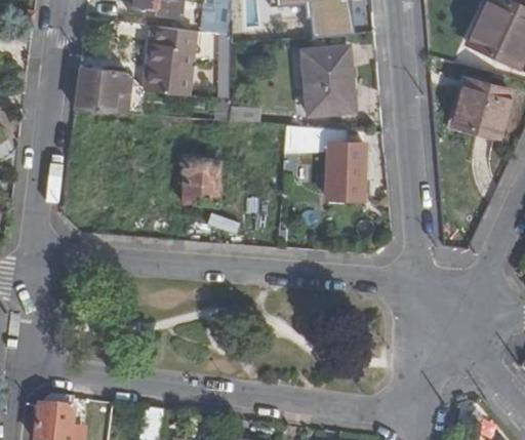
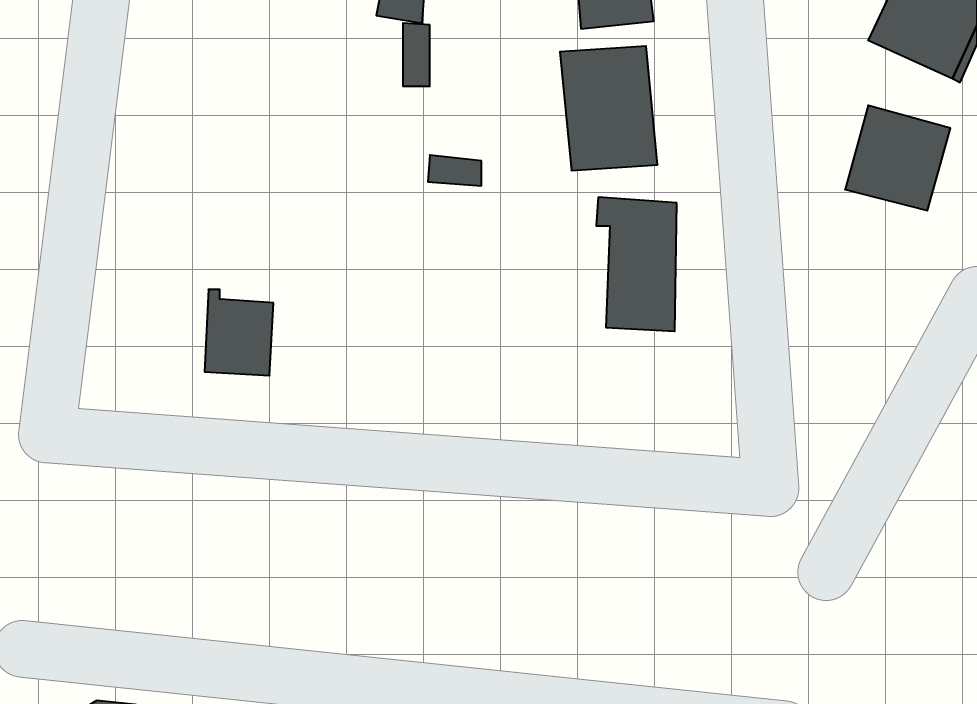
building: [146,27,197,97] -> none
building: [75,69,131,114] -> none
building: [183,159,219,205] -> [205,289,273,376]

